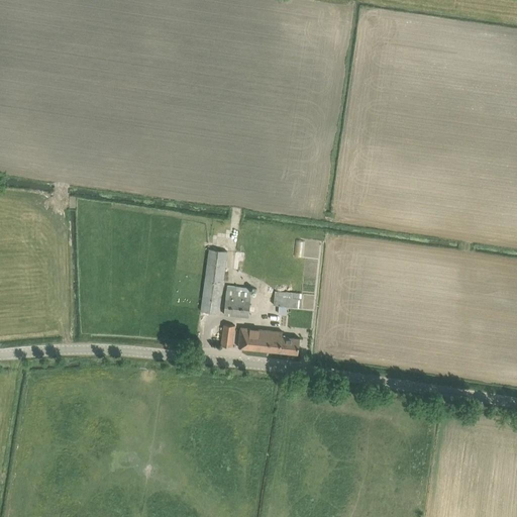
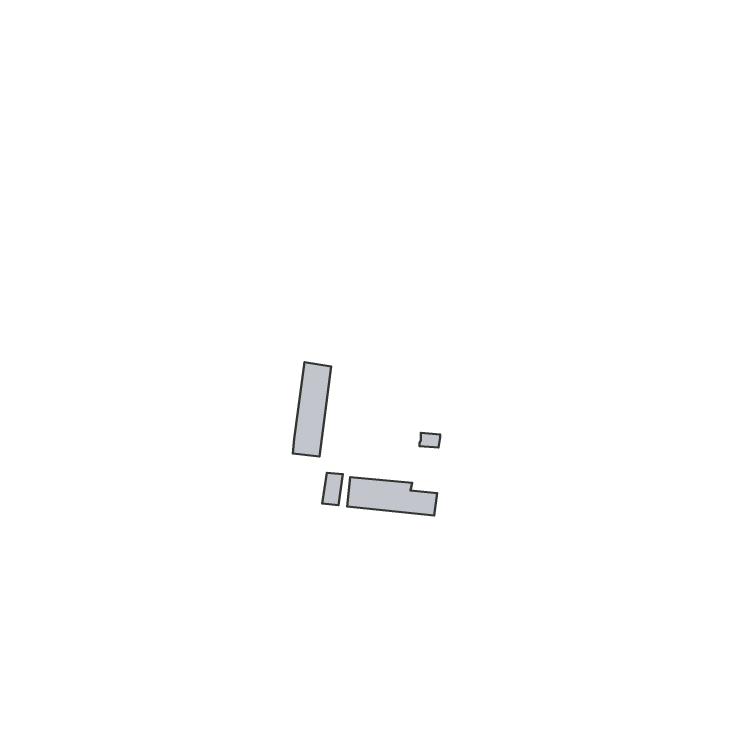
building: [224,290,251,318] -> none

